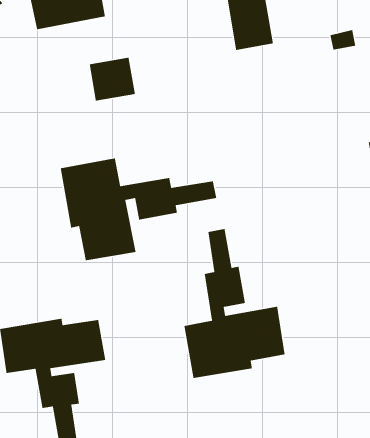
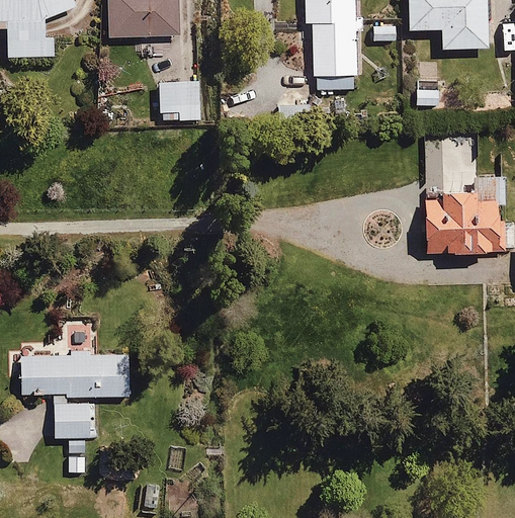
building: [60,157,217,261] -> none
building: [183,228,286,379] -> none

